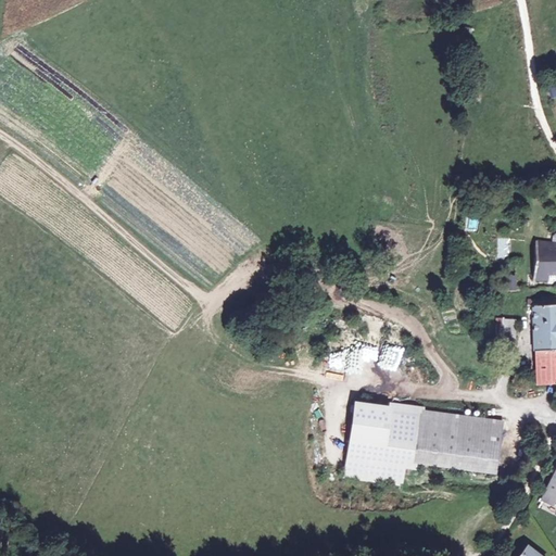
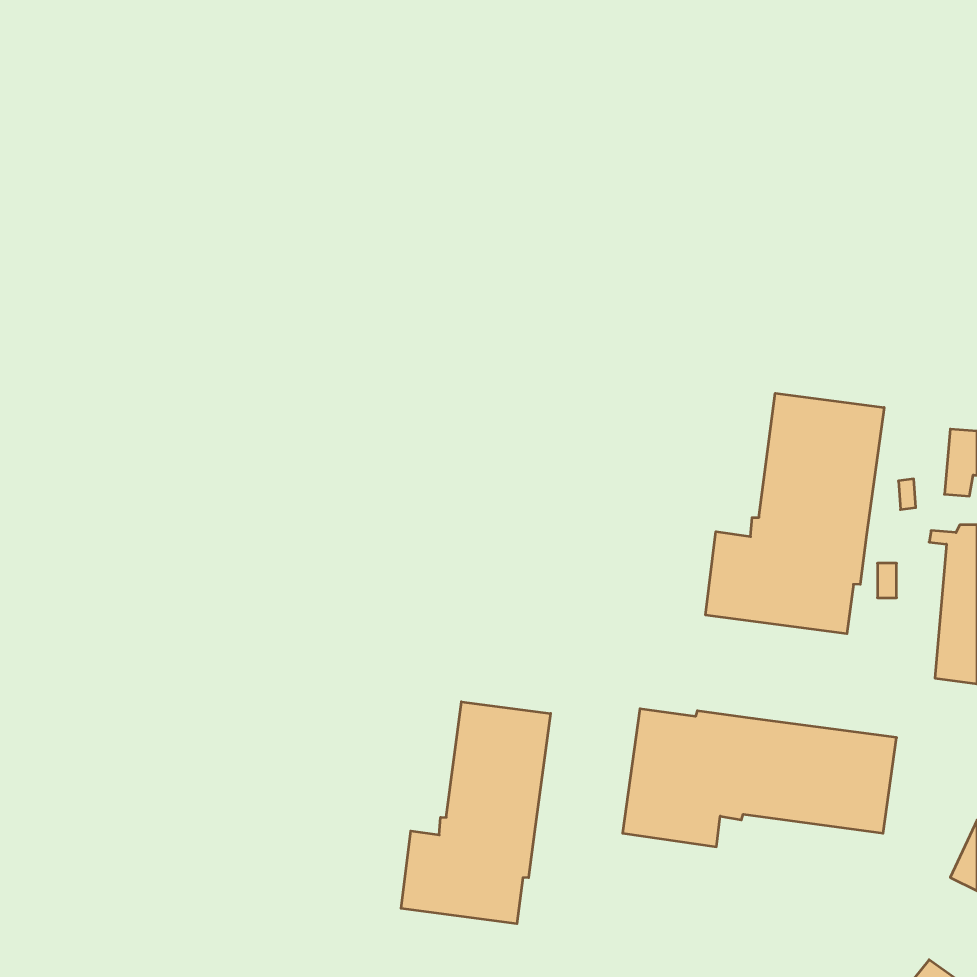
building: none -> [706,393,884,634]
building: none -> [401,702,551,924]

